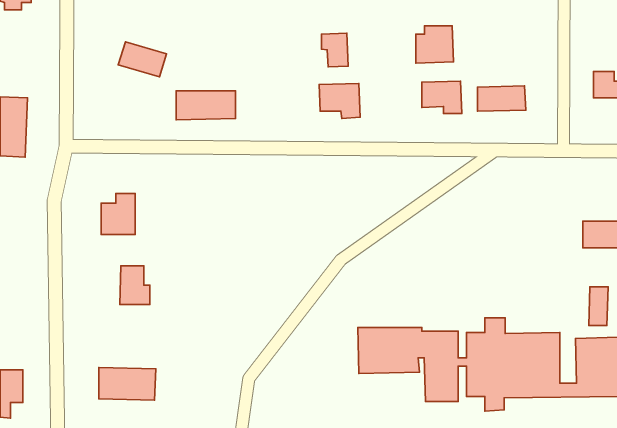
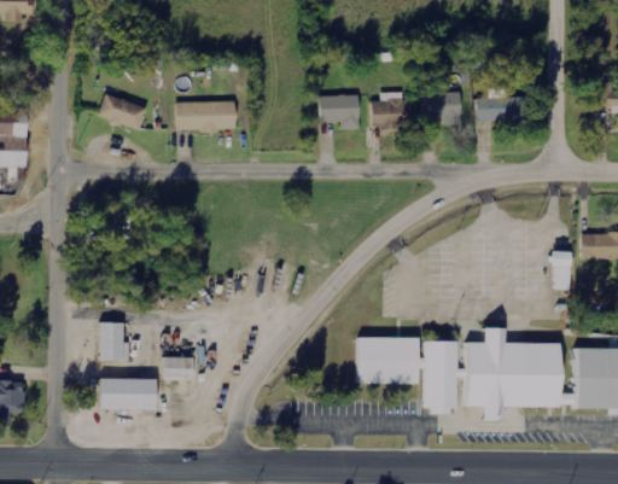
building: [416,26,453,63] -> [372,92,409,129]
building: [322,33,348,67] -> none
building: [118,42,167,77] -> [98,94,146,129]
building: [120,266,150,304] -> [99,322,129,361]
building: [589,287,608,326] -> [553,251,572,290]
building: none -> [163,356,193,380]

